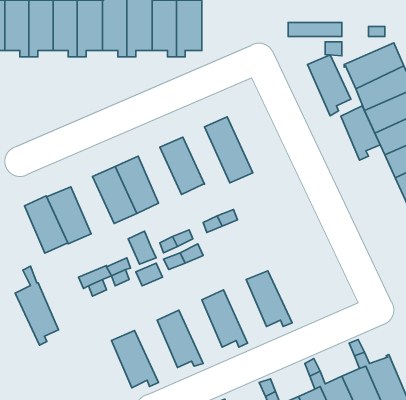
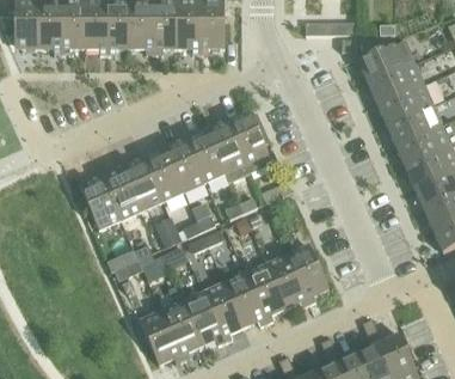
building: [308,55,351,116] -> none
building: [341,106,380,160] -> none
building: none -> [207,120,251,182]
building: none -> [165,139,205,191]
building: [25,196,68,253] -> [102,166,142,220]
building: none -> [287,244,328,304]
building: [15,266,58,345] -> [161,286,202,360]
building: none -> [245,263,285,323]
building: none -> [203,282,244,342]

